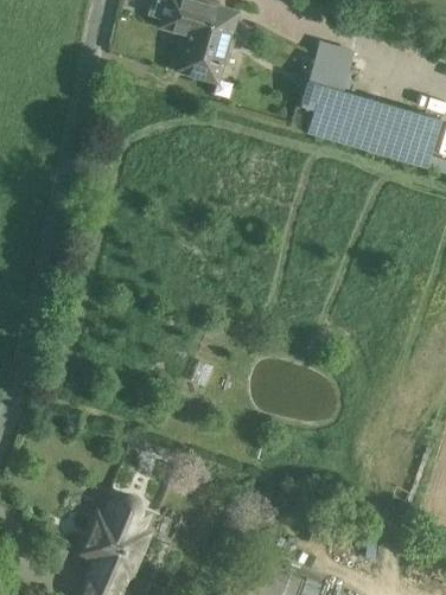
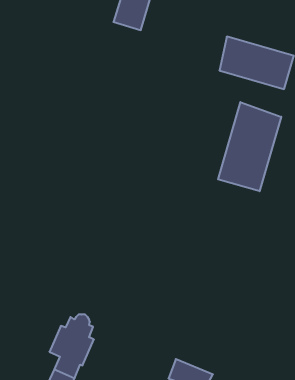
building: [305,46,348,140] -> none
building: none -> [218,102,281,191]

